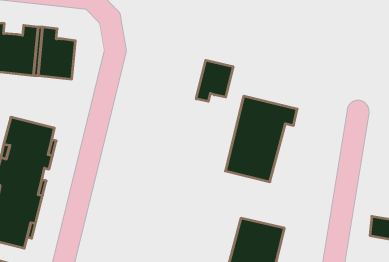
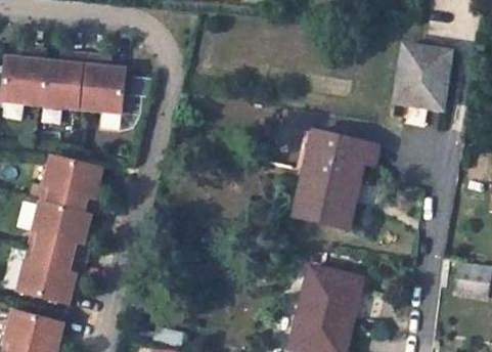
building: none -> [394,45,447,109]
building: [196,60,233,101] -> none

